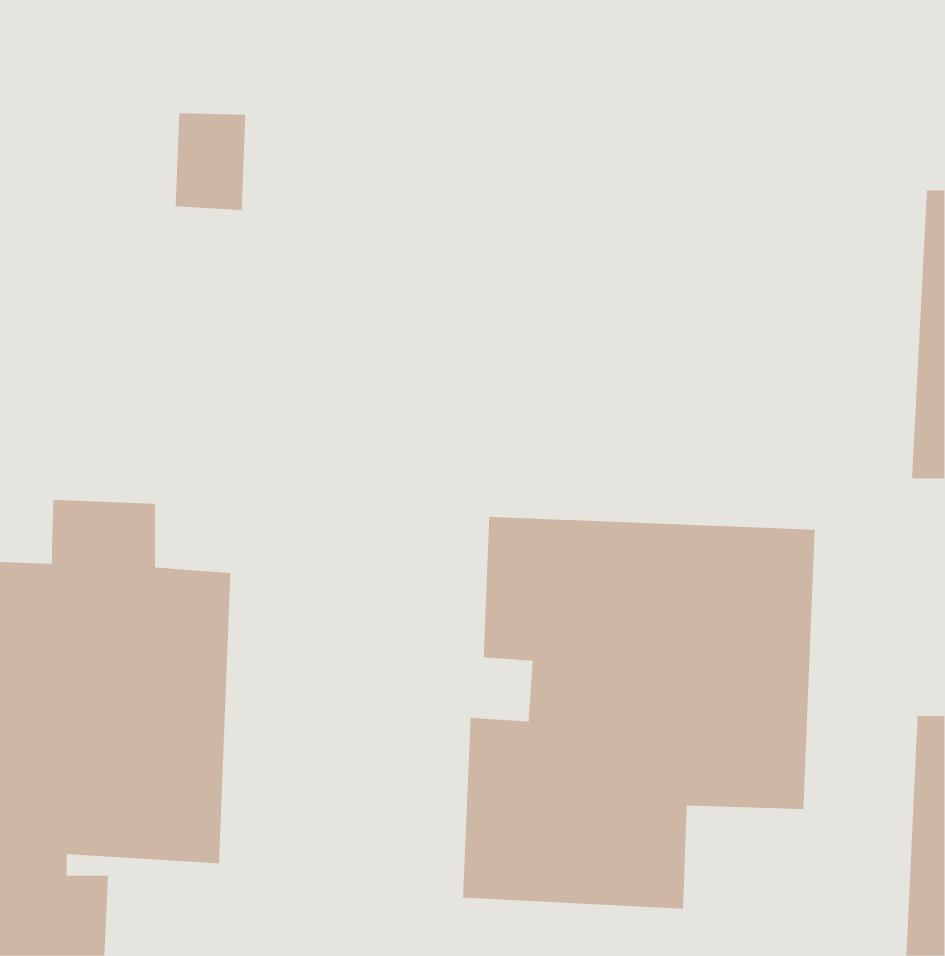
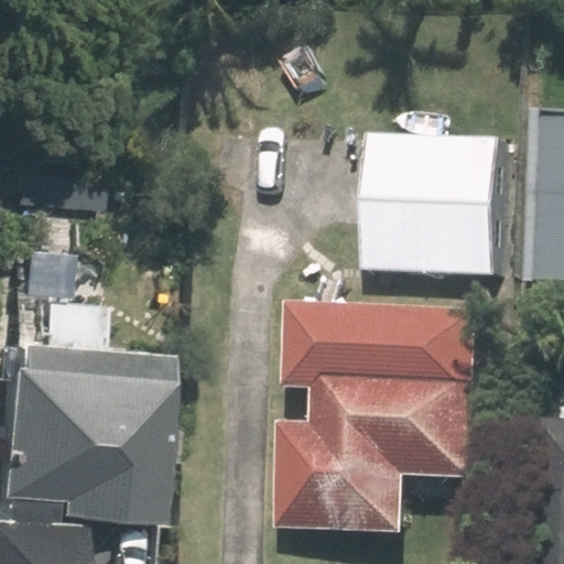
building: none -> [358,132,497,272]

